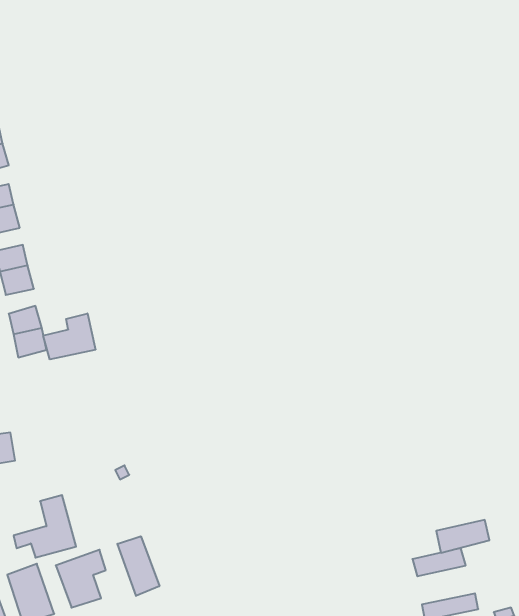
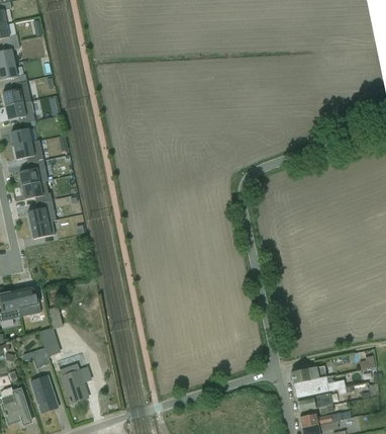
building: [43,313,95,359] -> none
building: [436,520,489,553] -> [293,374,327,396]
building: [117,536,159,596] -> none

